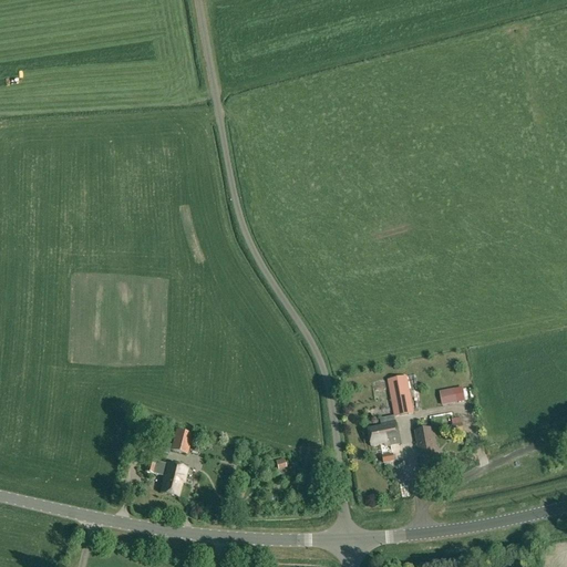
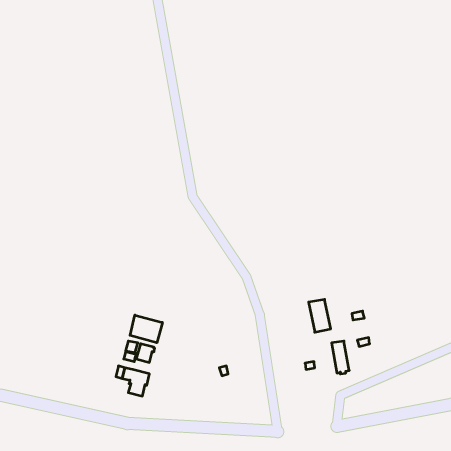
building: none -> [130,315,162,343]
building: [369,420,401,445] -> none

